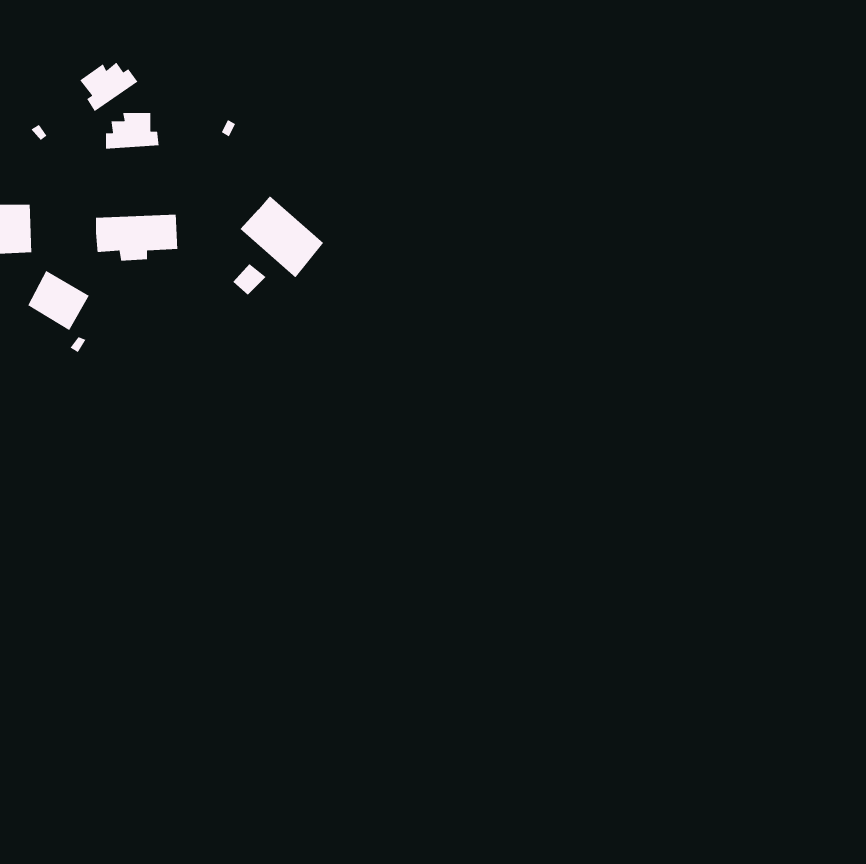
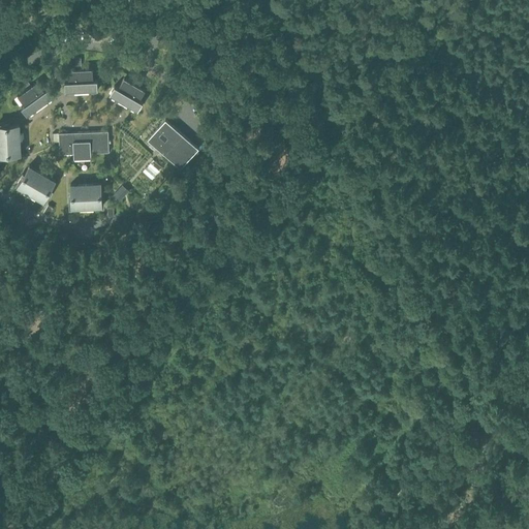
building: [79,61,139,112] -> [17,86,53,117]
building: none -> [108,79,145,113]
building: none -> [69,184,101,210]

